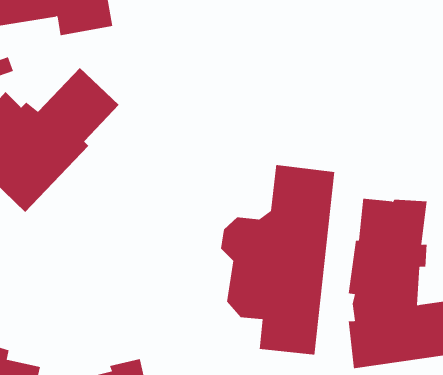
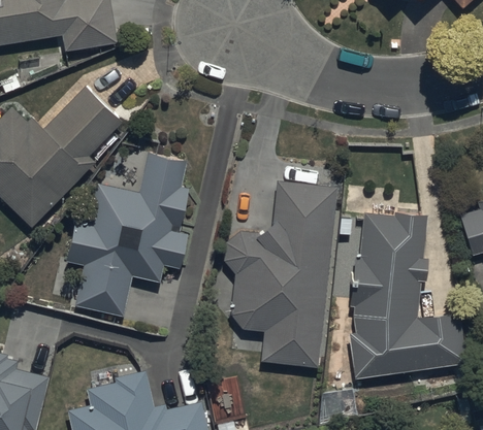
building: none -> [67,152,190,316]

